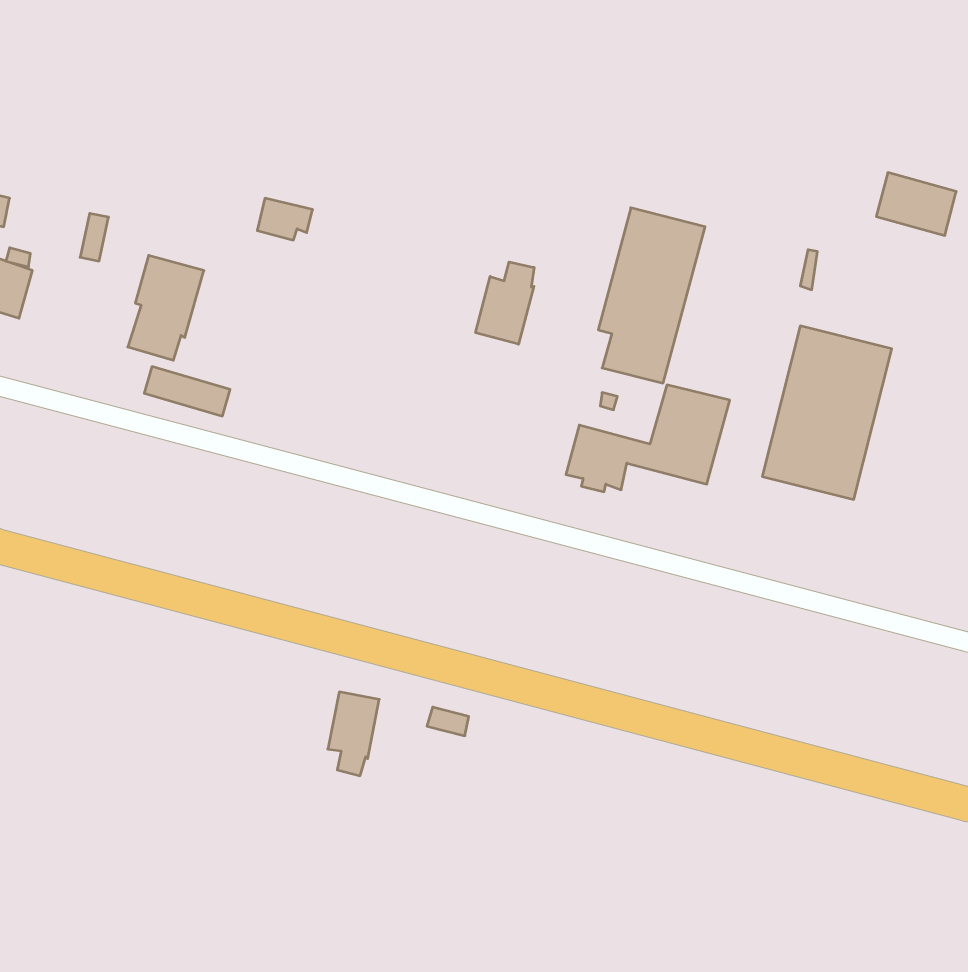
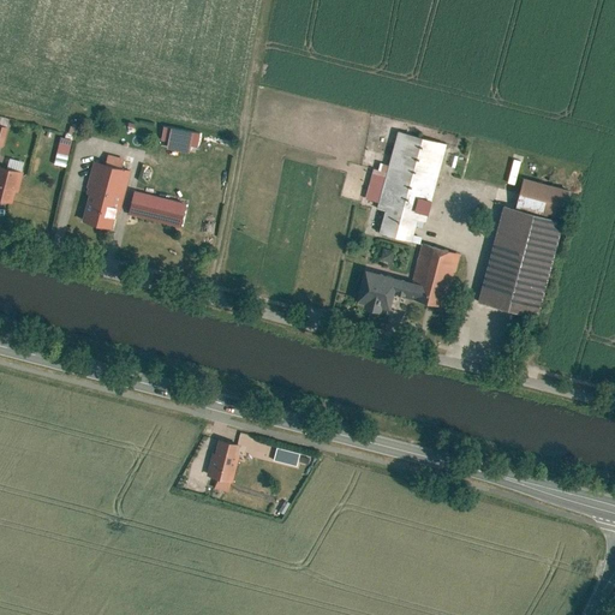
building: [876,173,956,235] -> [518,179,568,219]
building: [476,262,534,344] -> none
building: [144,367,230,416] -> [127,196,181,227]

